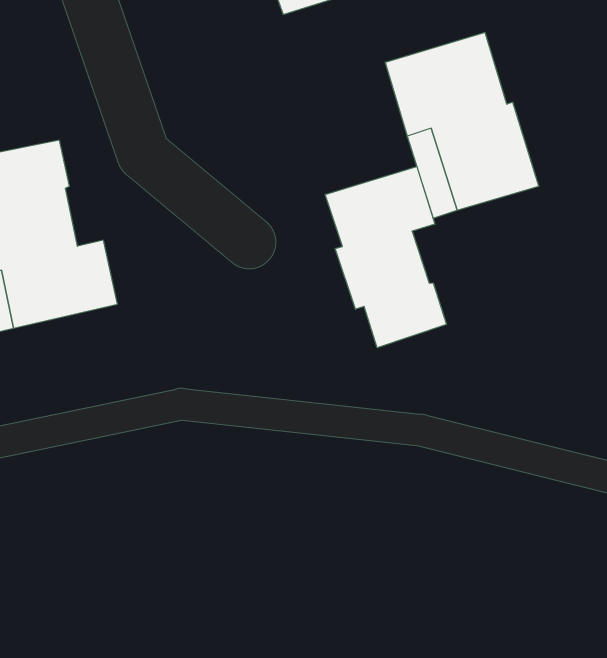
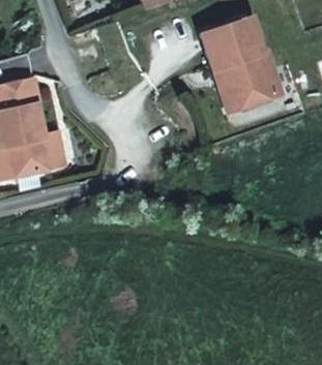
building: [325,167,446,348] -> none

